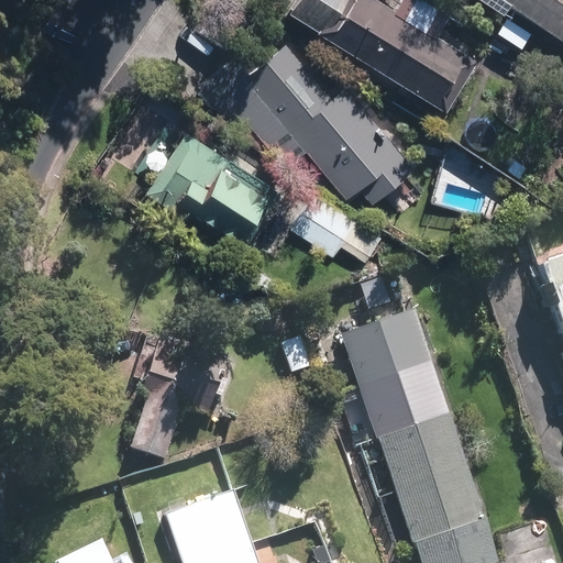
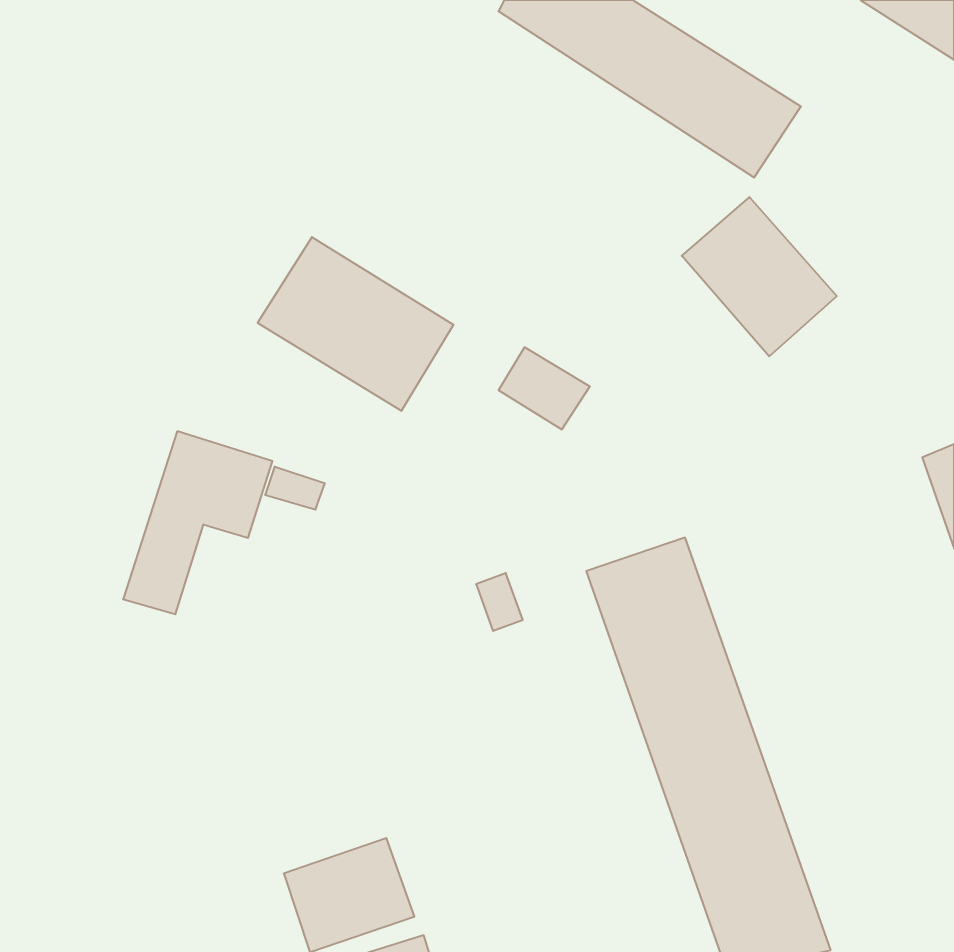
building: [203,40,404,196] -> none
building: none -> [682,197,837,356]
building: [130,347,218,455] -> [123,431,272,614]

